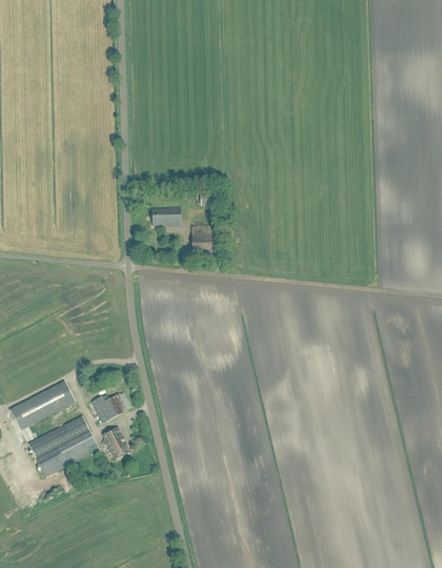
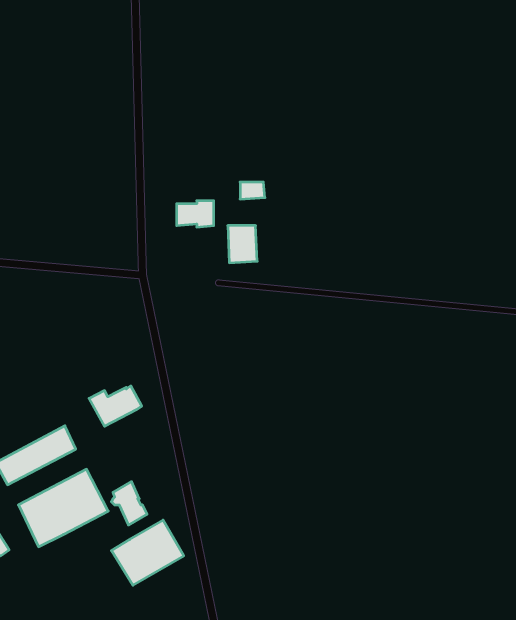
building: [90,392,131,424] -> [89,386,142,426]
building: none -> [111,520,184,585]

